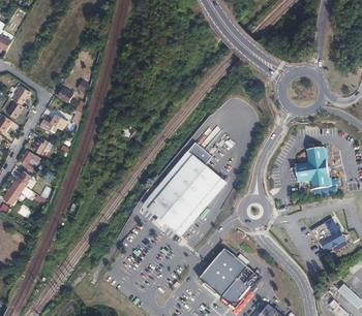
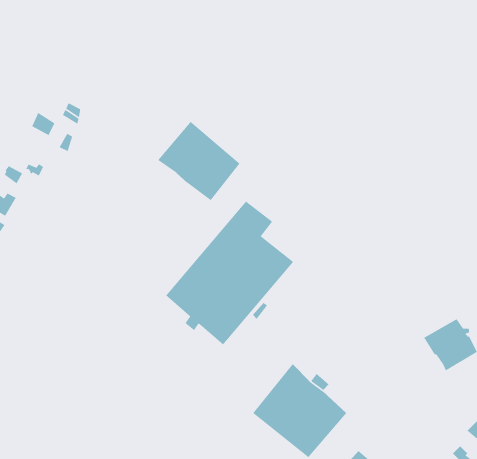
building: none -> [157,121,241,201]
building: [295,146,329,188] -> none

